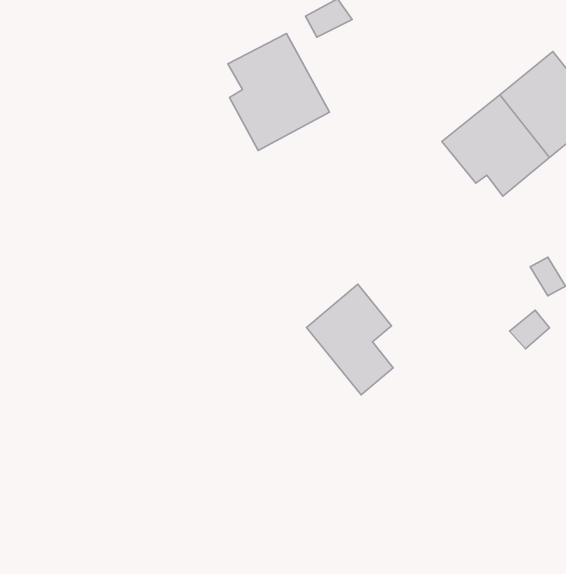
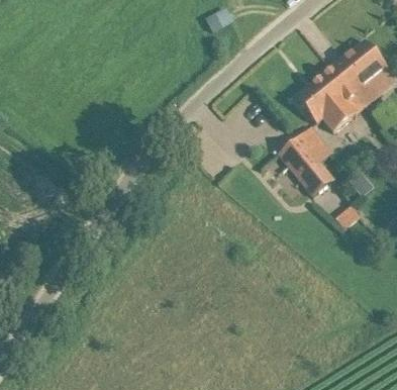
building: [228,33,329,151] -> none
building: [307,284,393,395] -> [278,125,332,195]

